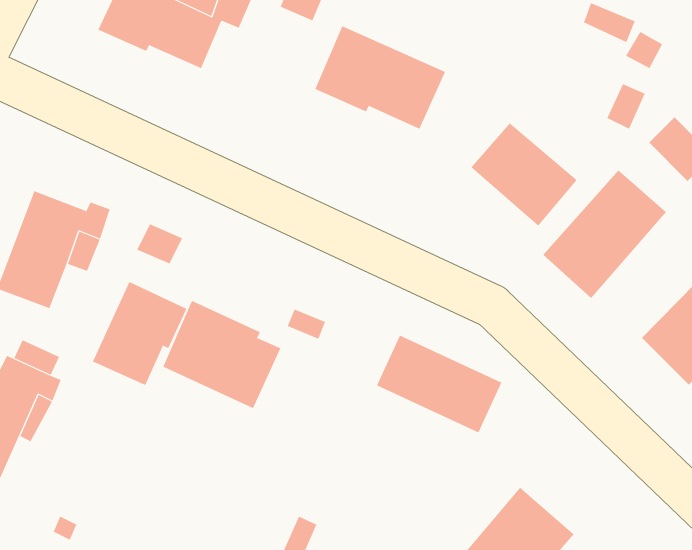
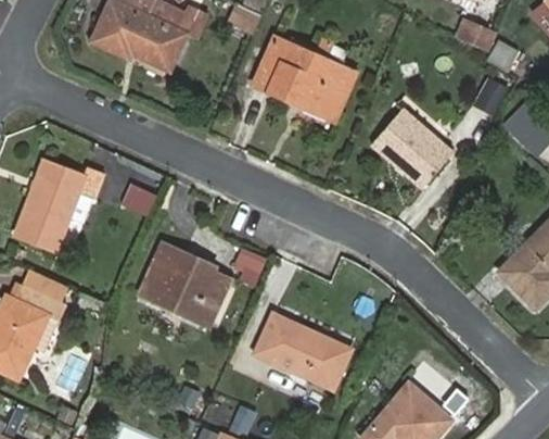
building: [543,170,667,299] -> none
building: [92,281,187,386] -> none
building: [376,335,502,433] -> [255,314,349,388]

